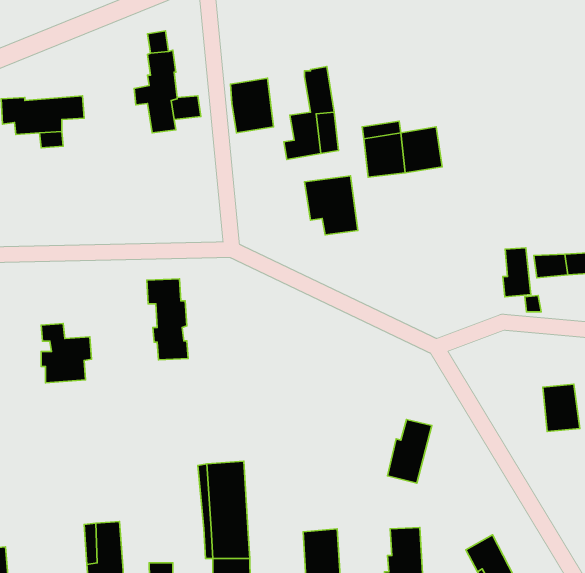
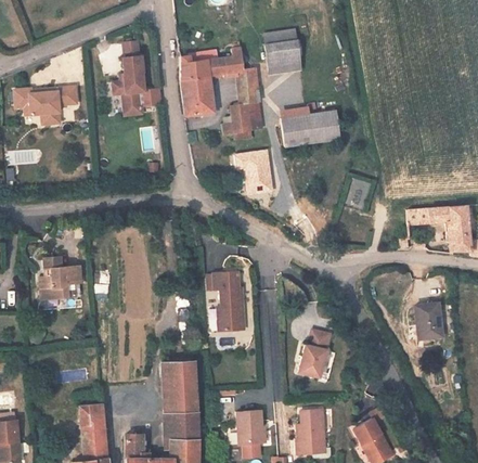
building: none -> [262,35,300,75]
building: none -> [181,51,242,81]
building: [503,248,531,297] -> none
building: [147,279,188,360] -> [214,268,244,327]

